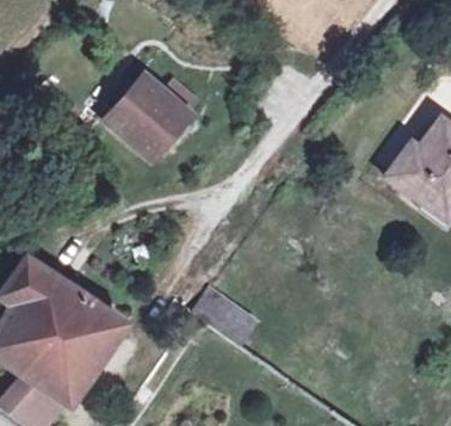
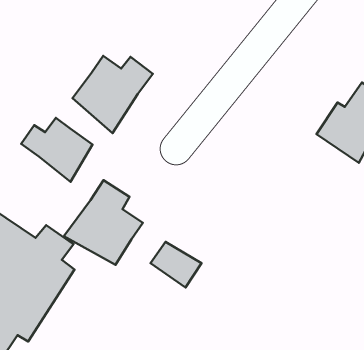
building: none -> [21,118,93,182]
building: none -> [64,180,143,265]

